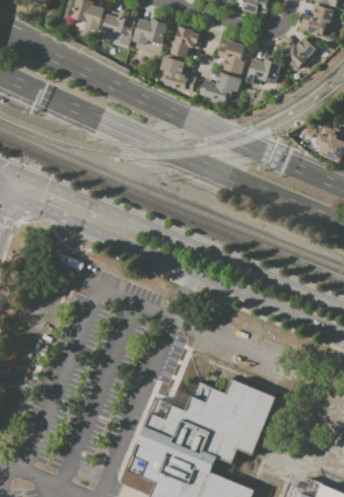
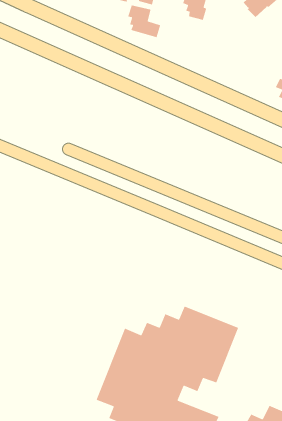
building: [245,59,281,86] -> none
building: [198,72,240,102] -> none

